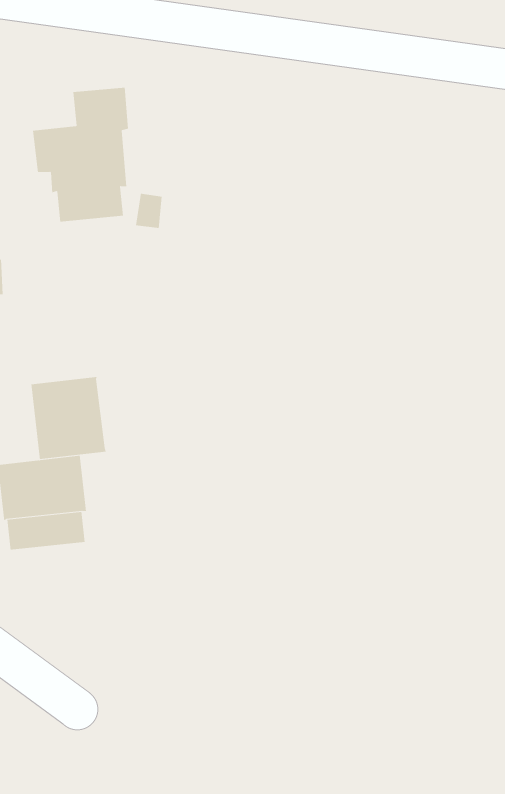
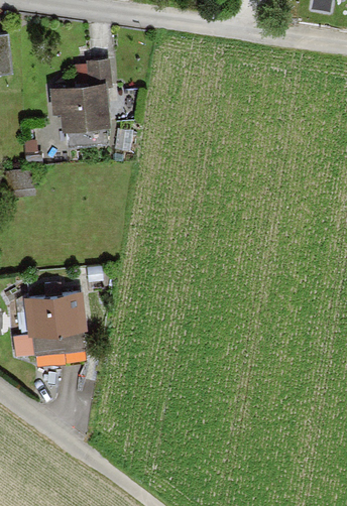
building: [31,376,106,460] -> none

